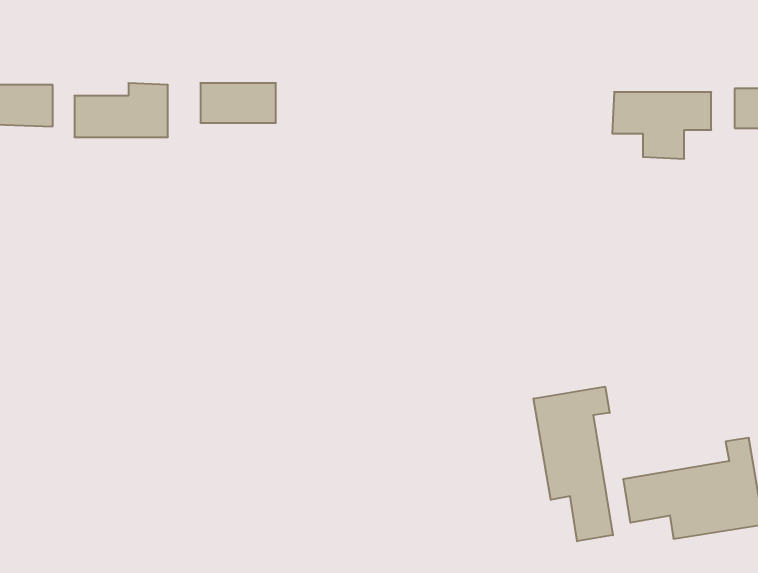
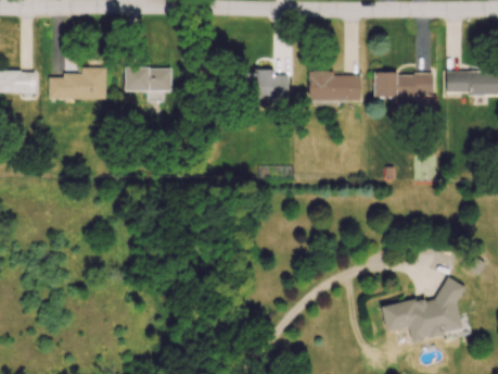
building: none -> [234,72,289,98]
building: none -> [309,72,360,101]
building: [534,387,613,541] -> none

